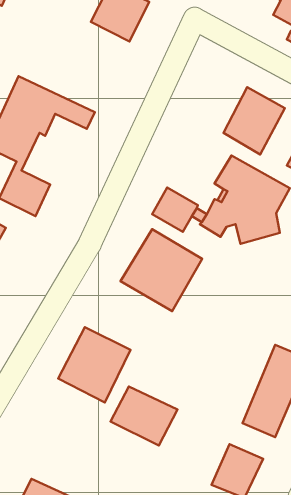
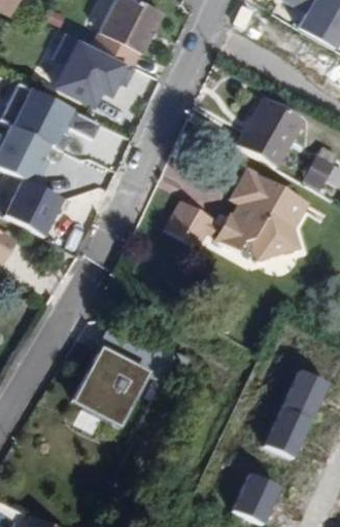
building: none -> [57,39,127,109]
building: [121,229,202,311] -> none
building: [110,387,177,446] -> none

